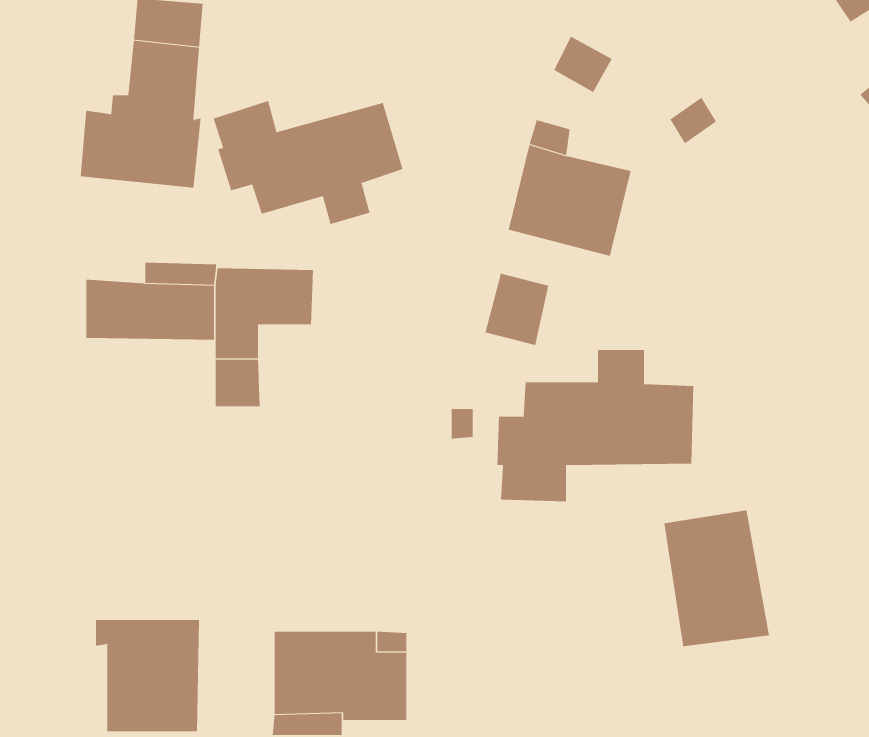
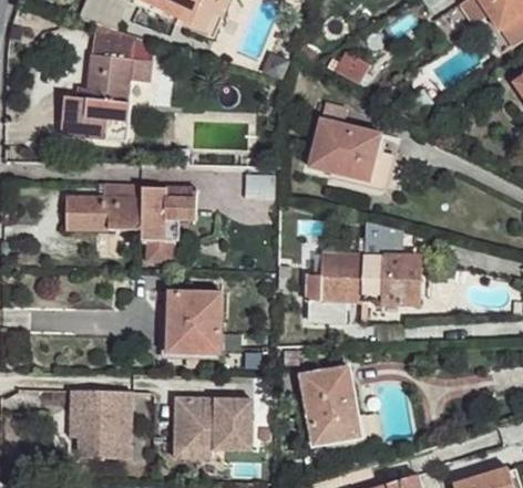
building: [213,100,403,225] -> none
building: [485,273,549,346] -> none
building: none -> [170,289,223,350]
building: [663,510,770,647] -> [300,364,362,444]

